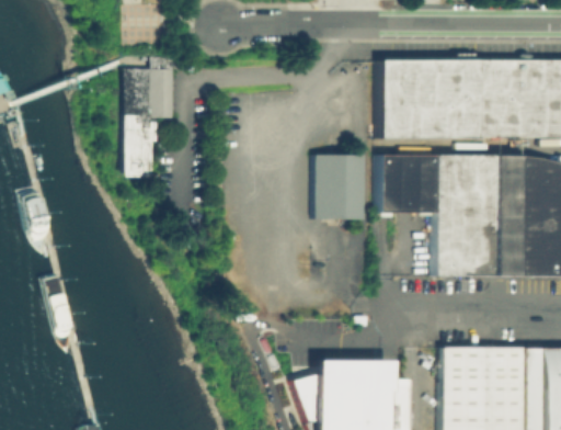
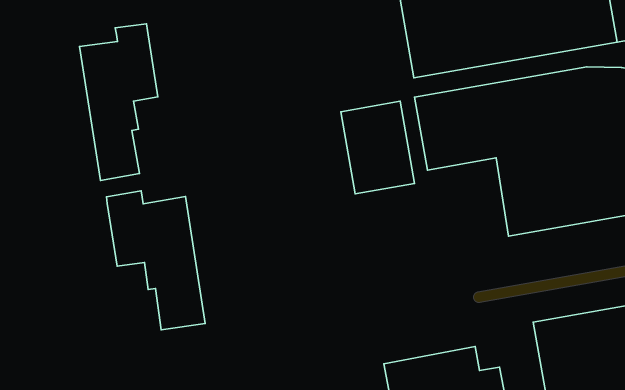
building: none -> [106,191,205,330]

